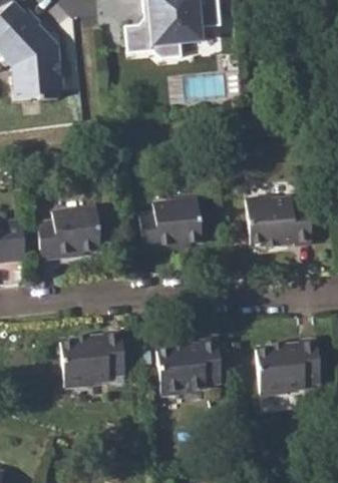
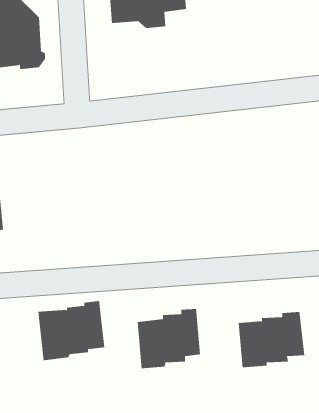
building: [246,193,311,244] -> none
building: [139,195,202,249] -> none
building: [37,203,99,259] -> none

